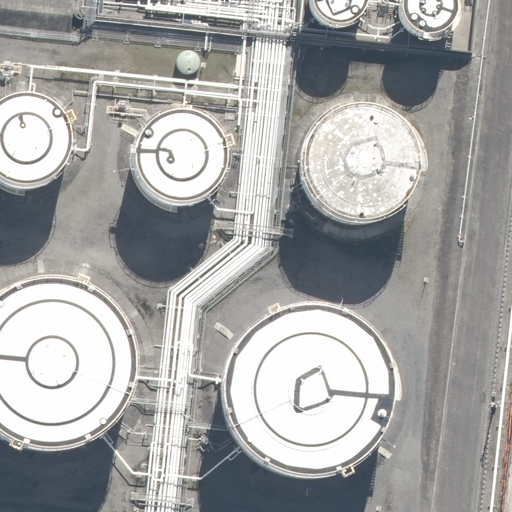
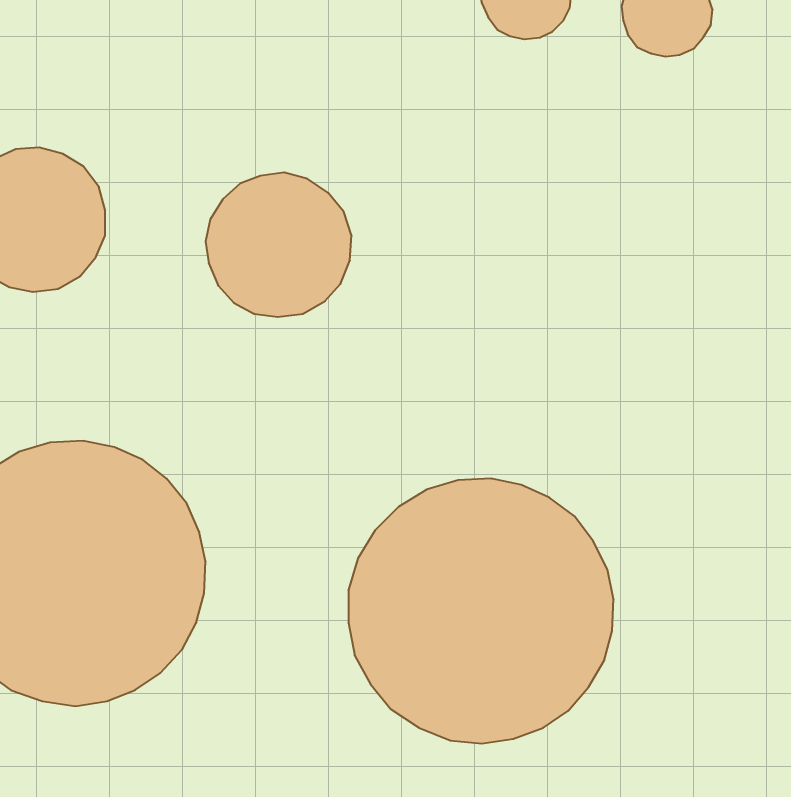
building: [298,104,416,221] -> none

